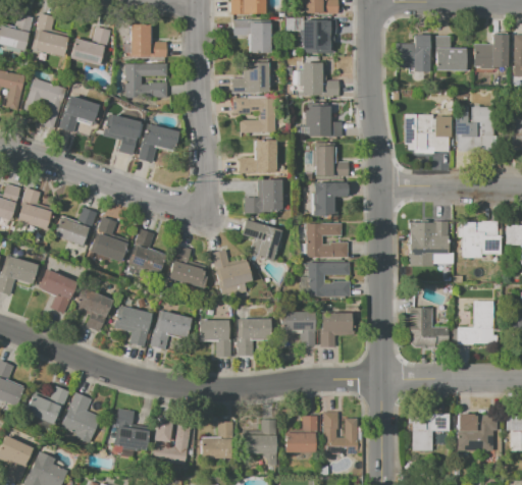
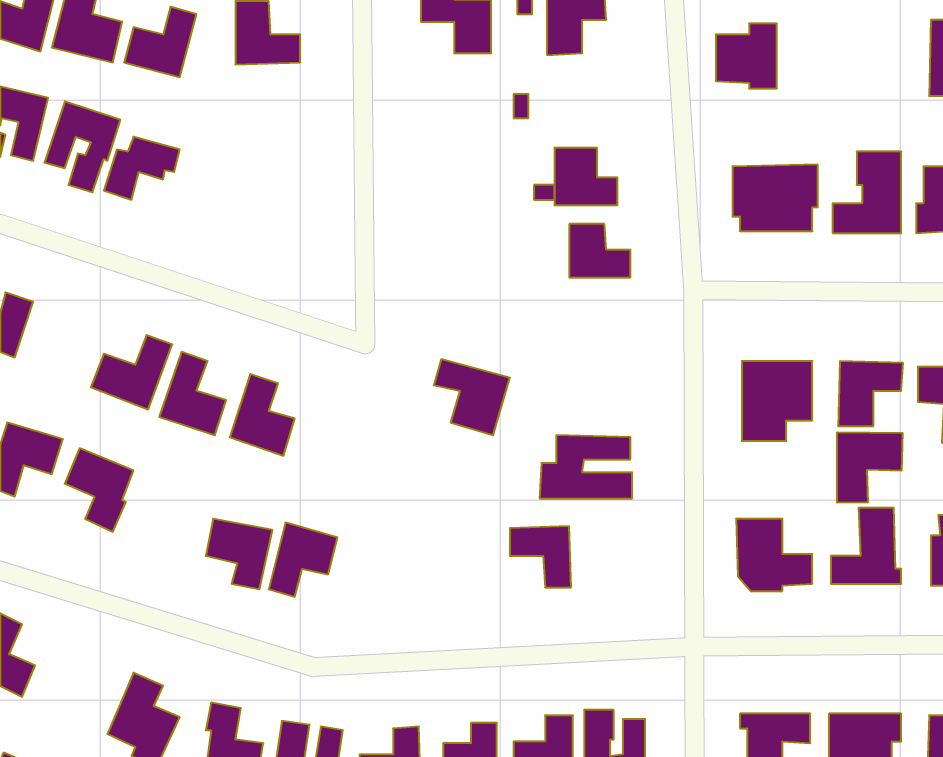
building: [474,33,508,67] -> none
building: [435,36,469,69] -> none
building: [232,61,272,91] -> none
building: [302,62,337,95] -> none
building: [125,64,168,97] -> none
building: [234,98,275,131] -> none
building: [104,113,140,154] -> none
building: [139,123,177,163] -> none
building: [240,140,275,172] -> none
building: [245,178,281,212] -> none
building: [314,181,348,217] -> none
building: [16,187,50,229] -> none
building: [307,223,348,257] -> none
building: [168,245,202,285] -> none
building: [211,249,252,298] -> none
building: none -> [837,432,902,503]
building: [75,287,112,332] -> none
building: [320,313,352,346] -> none
building: [238,319,269,357] -> none
building: [197,320,230,357] -> none
building: [24,386,68,425] -> none

